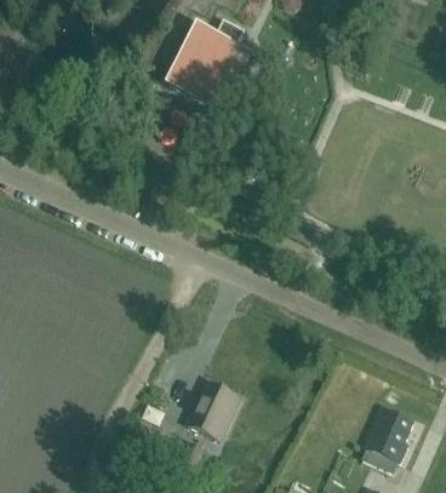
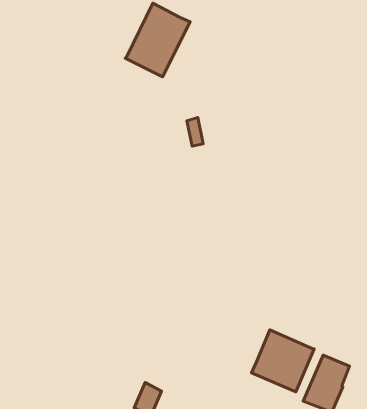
building: none -> [252,330,314,392]
building: [188,383,240,441] -> none

